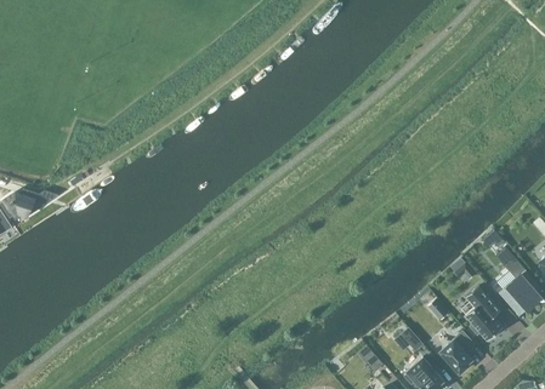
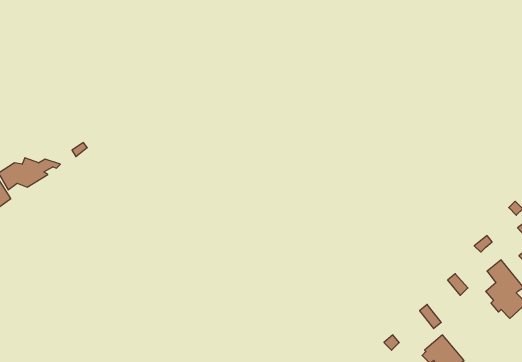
building: [441,333,475,374] -> none

